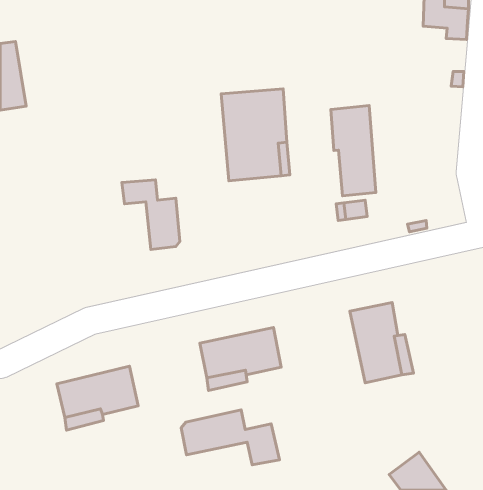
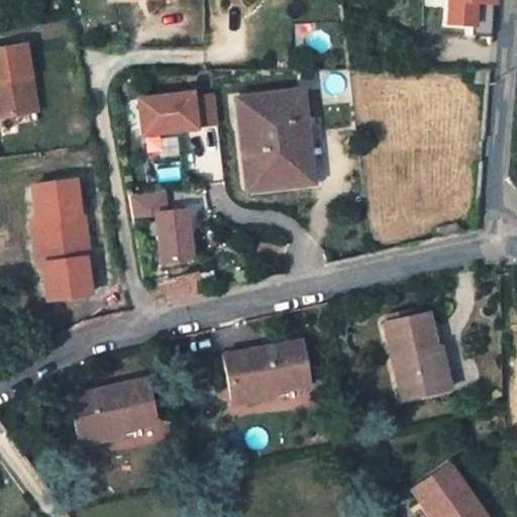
building: none -> [140,90,221,131]
building: [331,106,376,196] -> none
building: none -> [31,183,87,301]
building: [181,410,280,465] -> none

